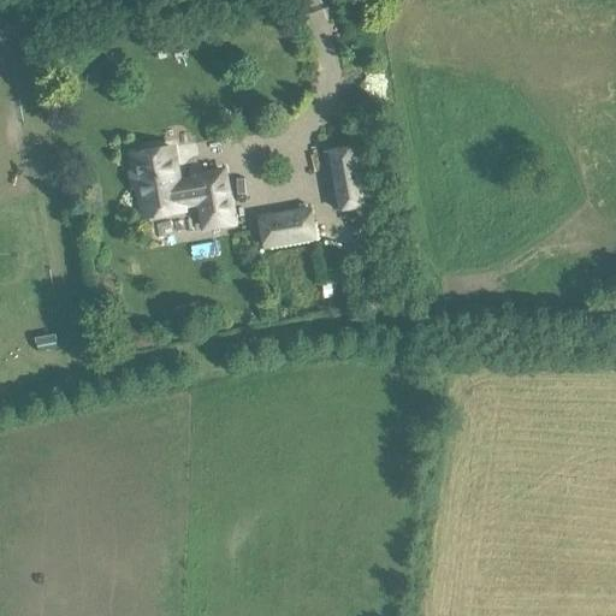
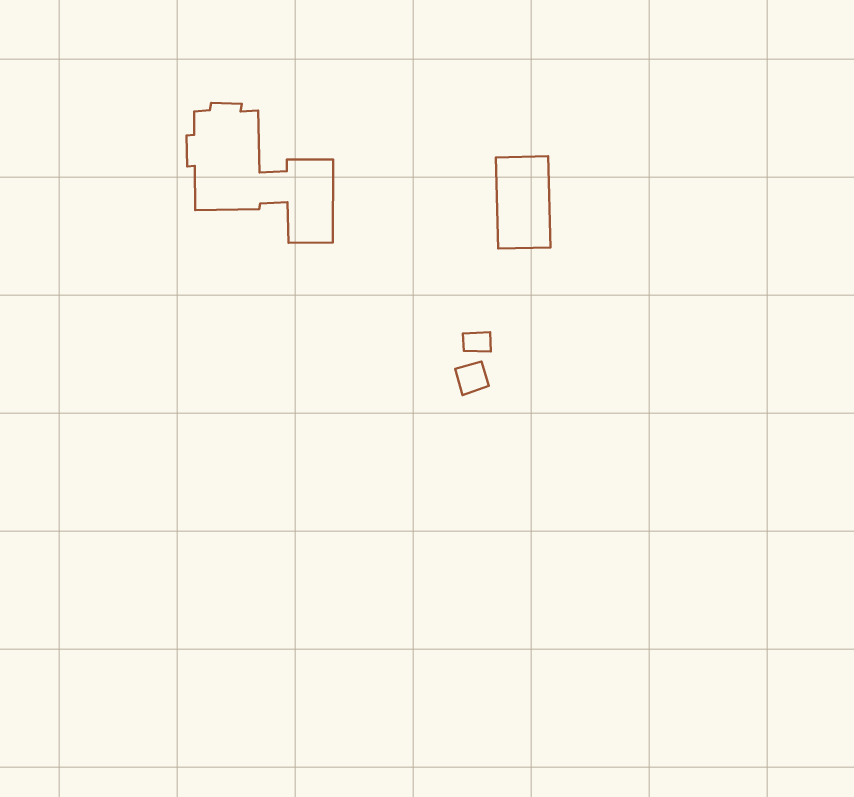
building: [261,208,314,245] -> none

